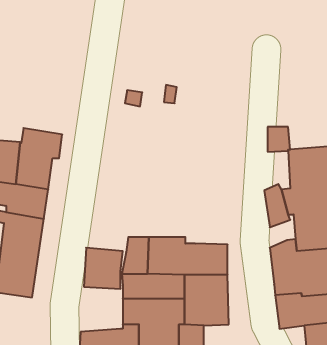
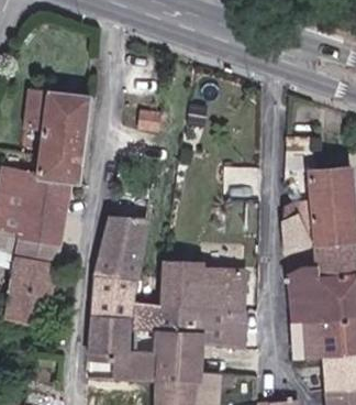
building: none -> [24,86,86,158]
building: none -> [101,218,147,277]
building: none -> [96,314,136,360]

